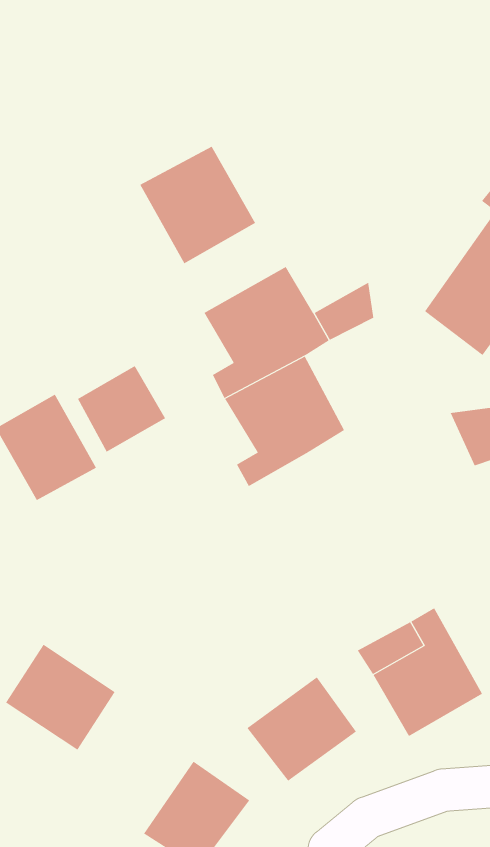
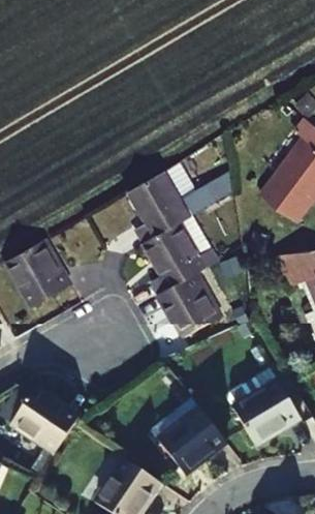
building: [139,146,256,264] -> none
building: [77,365,166,452] -> none
building: none -> [158,276,219,342]

